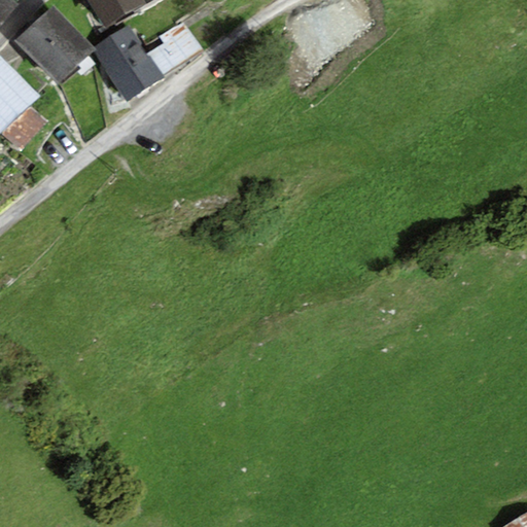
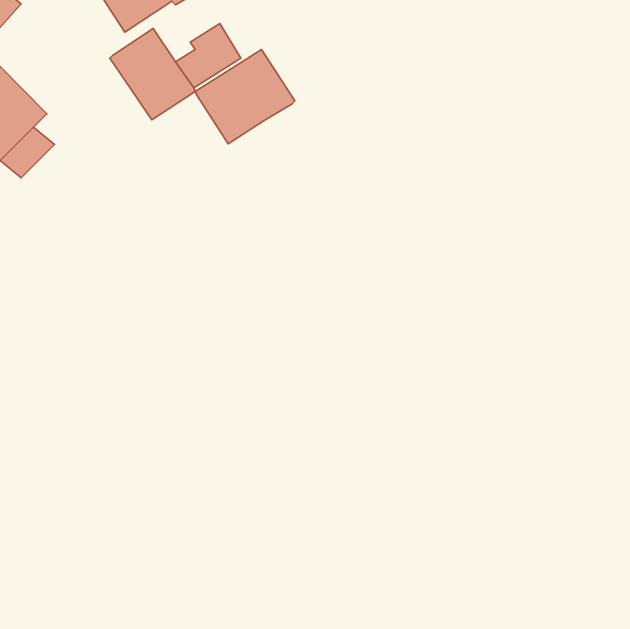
building: [13,4,94,82] -> none
building: none -> [195,50,295,144]

